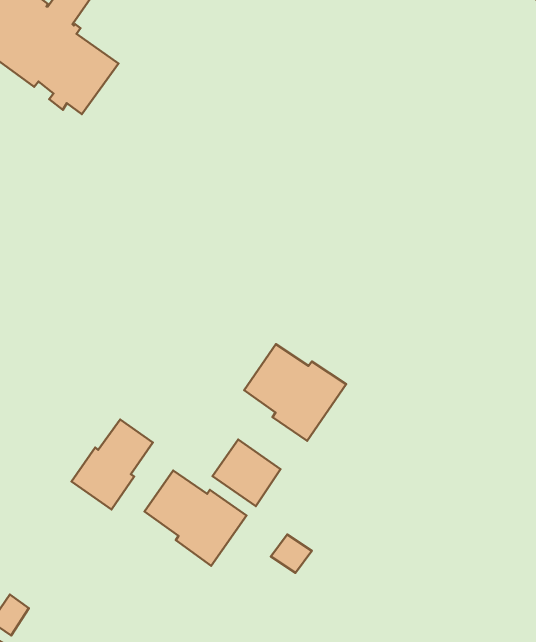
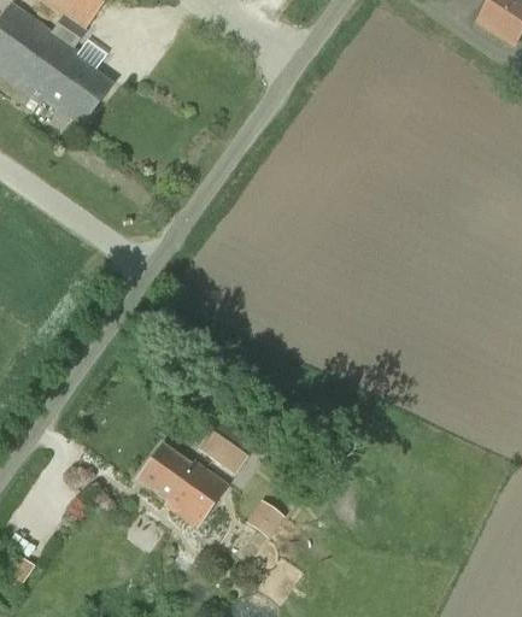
building: [244,344,346,441] -> none
building: [71,419,153,510] -> none

